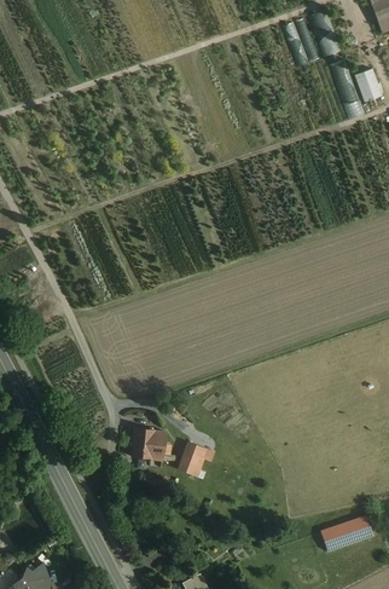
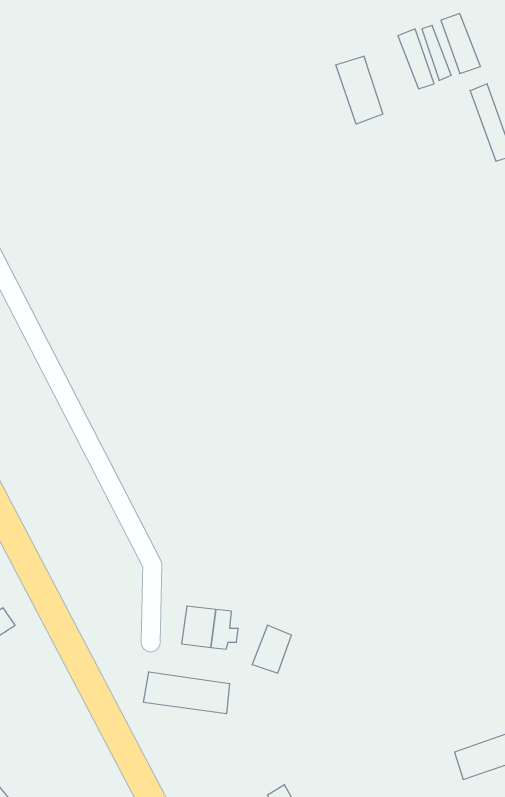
building: none -> [336,56,383,124]
building: none -> [144,672,230,714]

